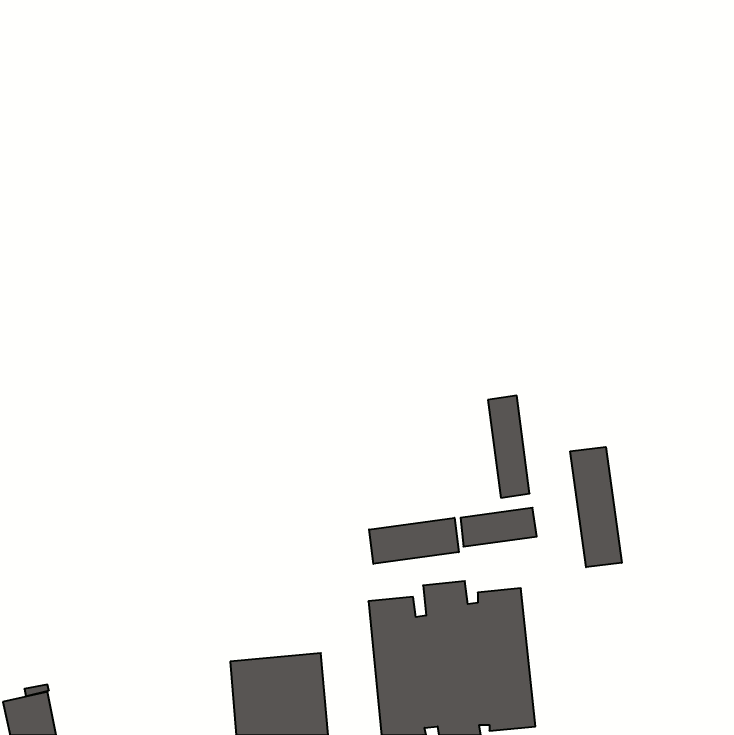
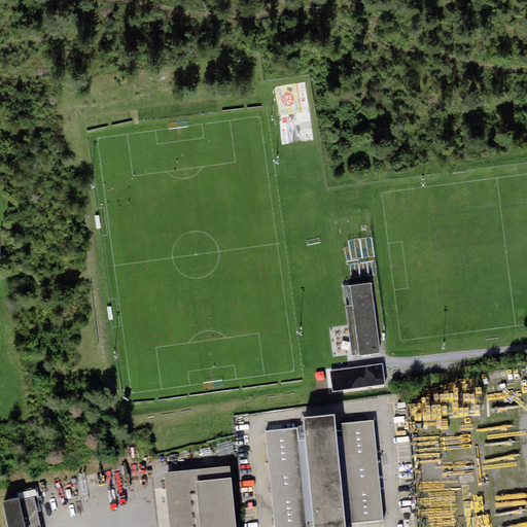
building: [570,447,622,567] -> none
building: [369,518,459,564] -> none

